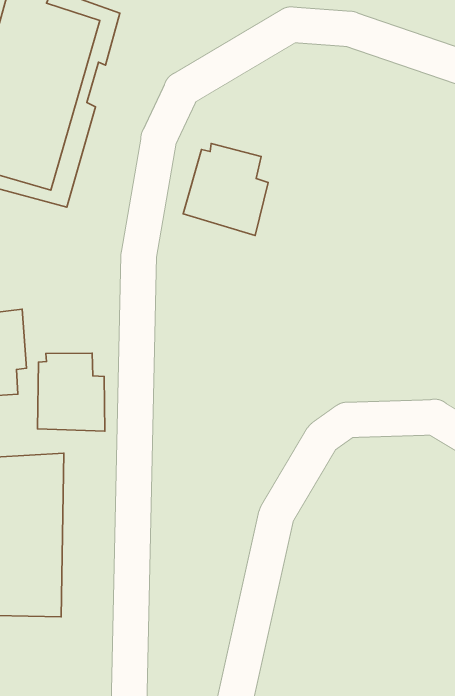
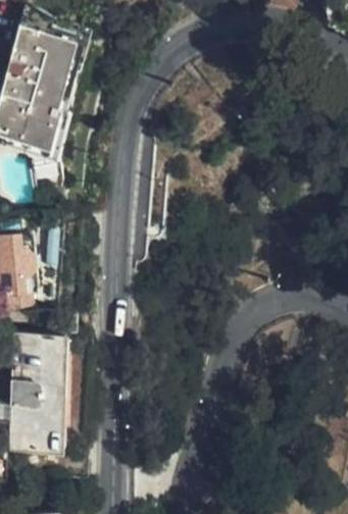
building: [183,143,268,235] -> none
building: [37,353,105,431] -> none

